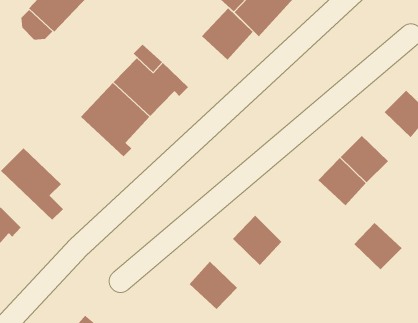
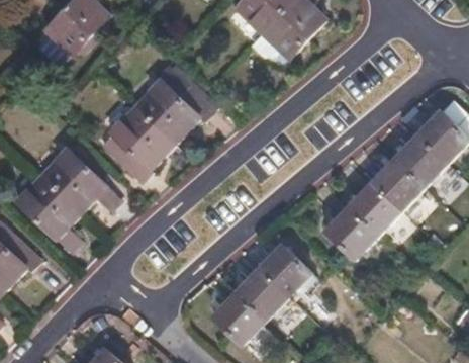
building: [201,8,253,60] -> none
building: none -> [396,138,448,189]
building: none -> [40,148,120,213]
building: [354,222,403,270] -> [327,209,379,260]
building: none -> [237,271,289,323]

